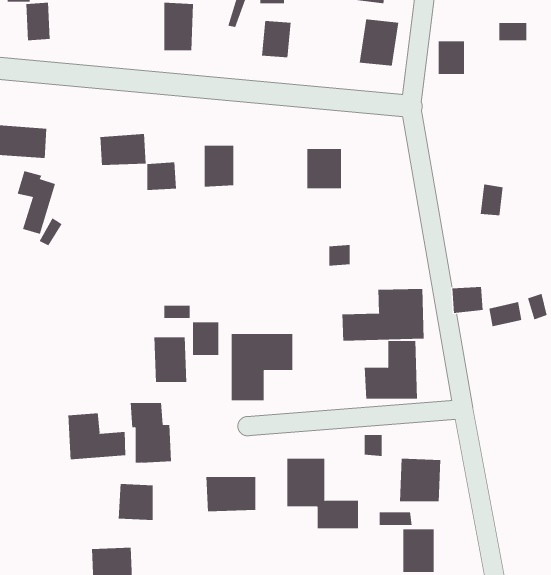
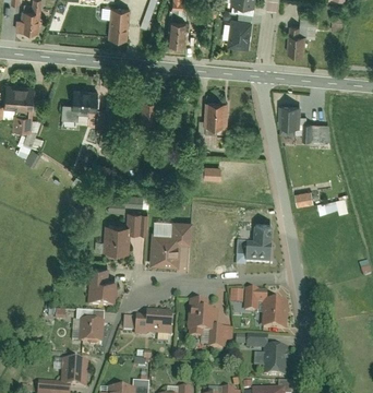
building: none -> [280,106,298,134]
building: [342,288,424,342] -> none
building: [68,413,126,460] -> none

